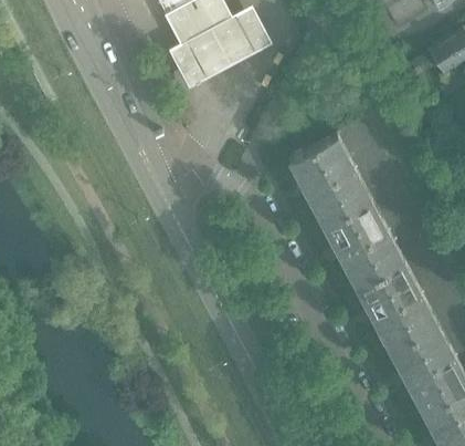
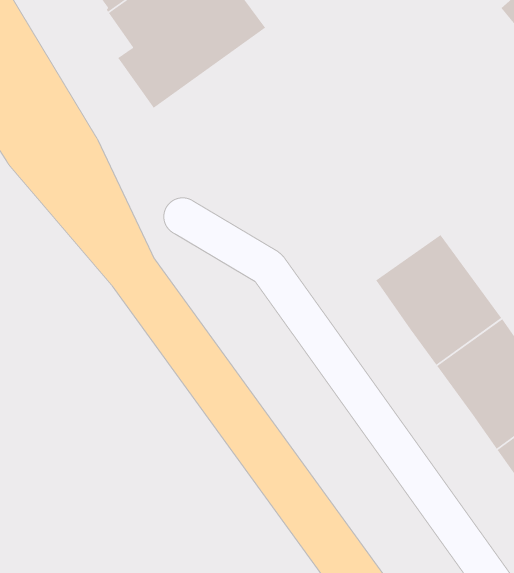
building: [287,135,370,224] -> none

